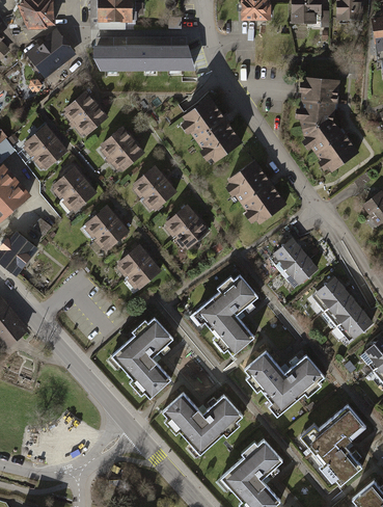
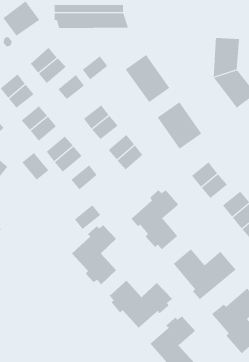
building: [110,141,144,174] -> [82,55,108,80]
building: none -> [21,152,49,180]
building: [127,258,162,291] -> [74,204,101,230]

